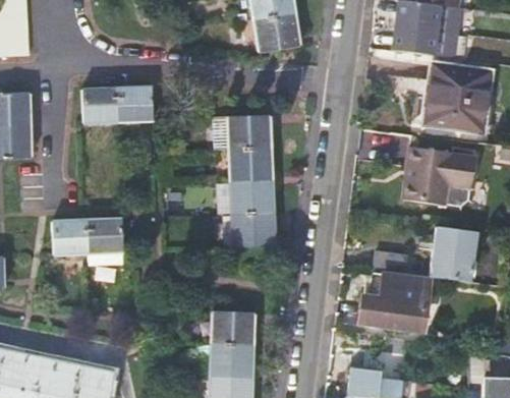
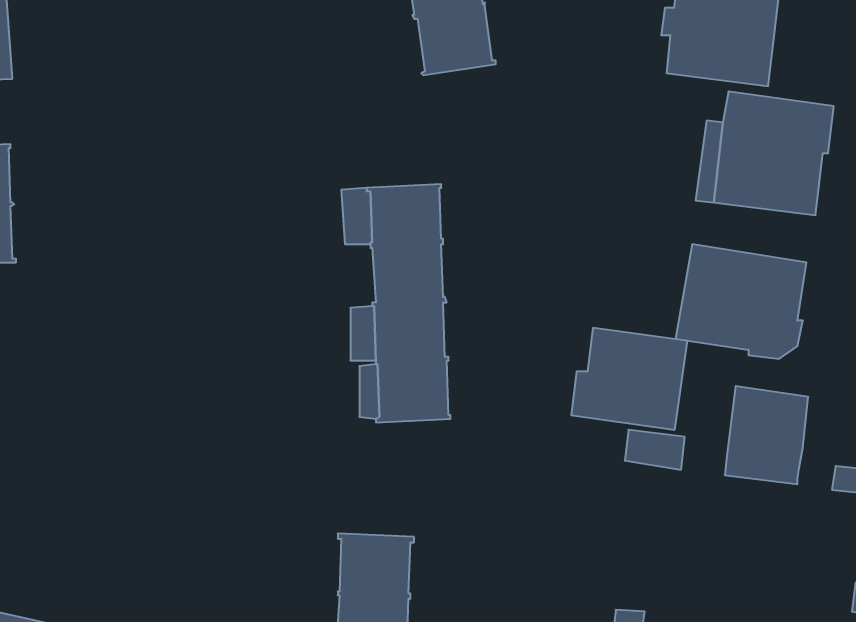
building: [83,87,154,122] -> none
building: [54,218,124,253] -> none
building: [361,273,427,330] -> [571,328,687,430]

